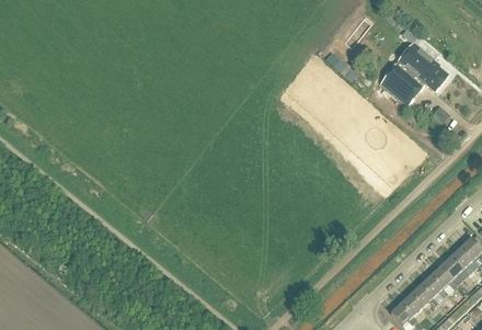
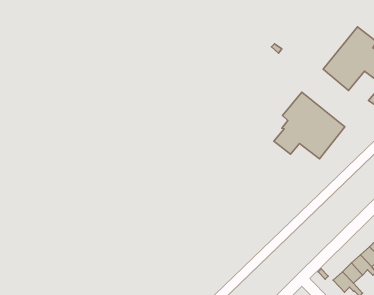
building: none -> [274,92,345,159]

